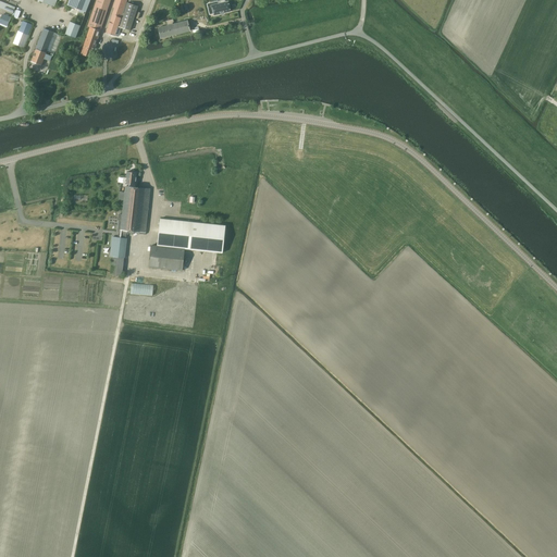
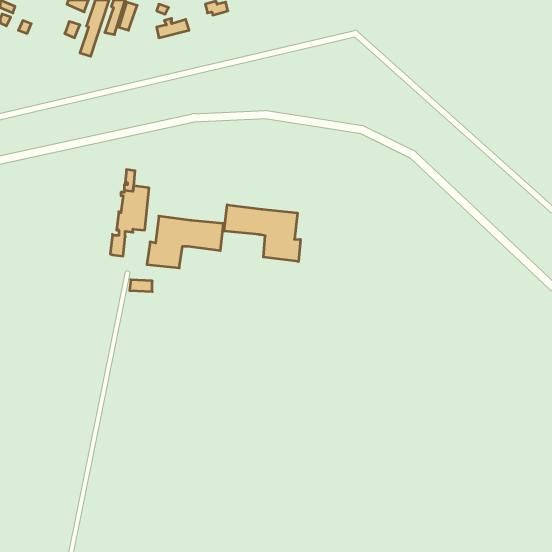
building: [30,28,54,65] -> none
building: none -> [224,205,300,262]

